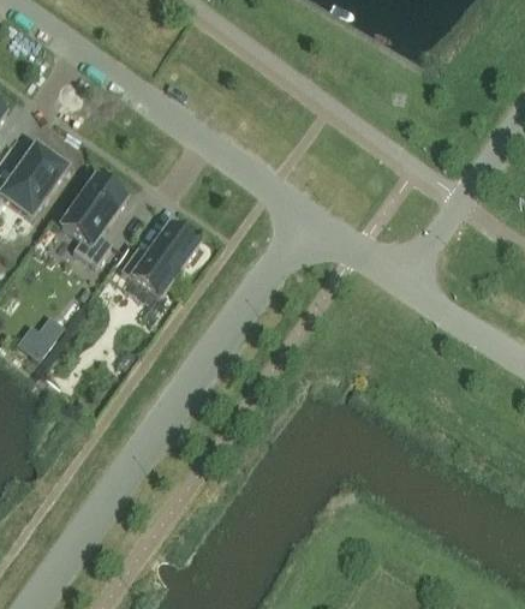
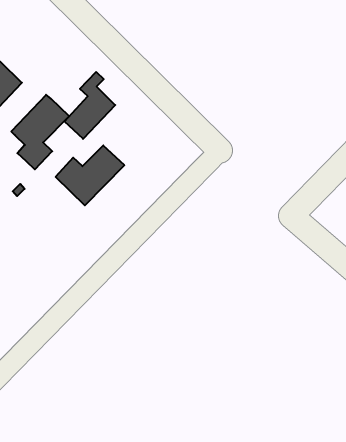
building: none -> [64,72,115,139]

